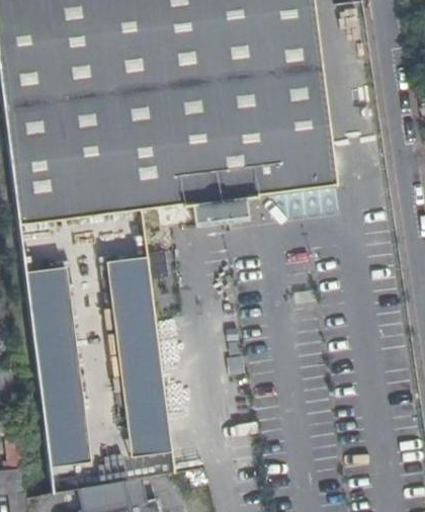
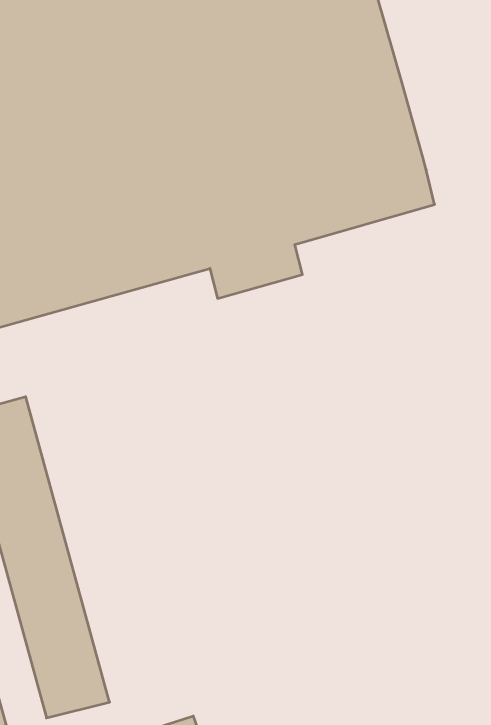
building: [105,255,170,456] -> none

